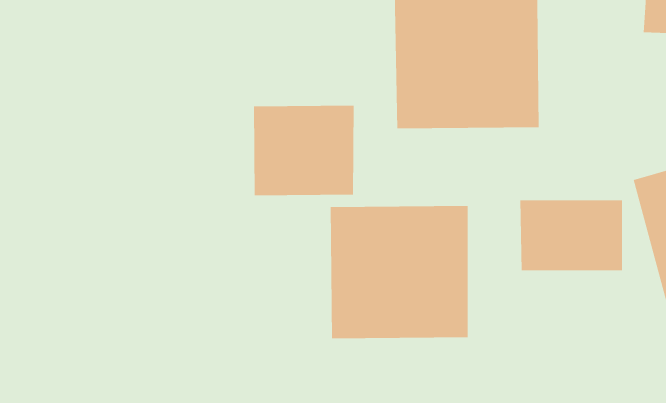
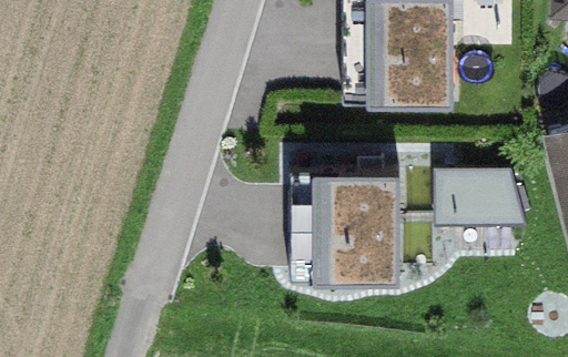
building: [253,105,354,196] -> none

